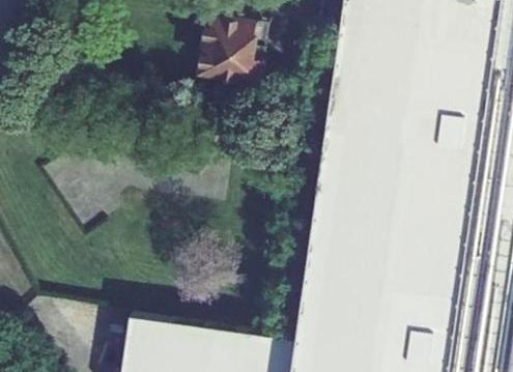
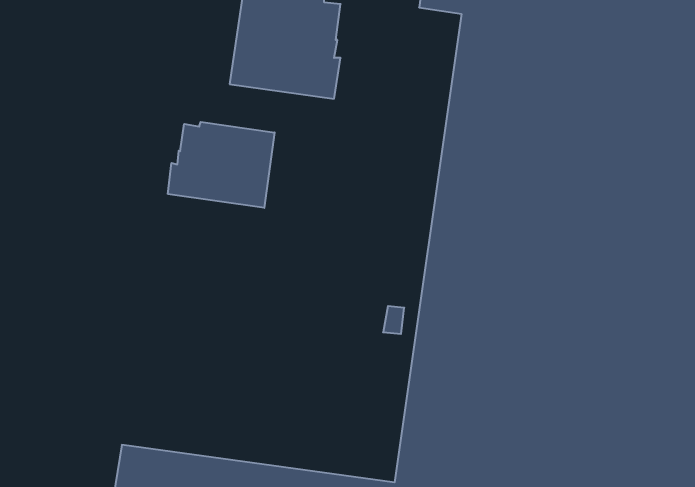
building: none -> [168,122,275,208]

